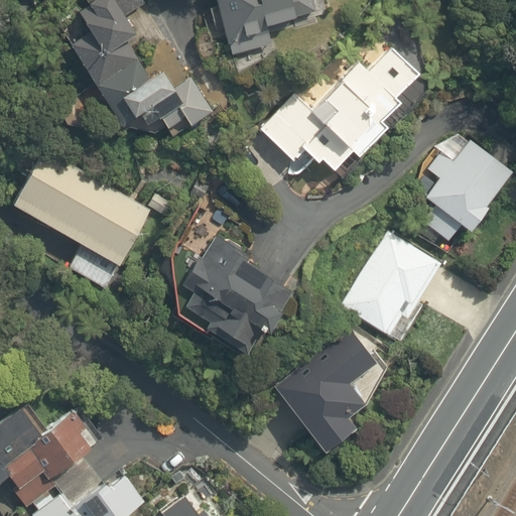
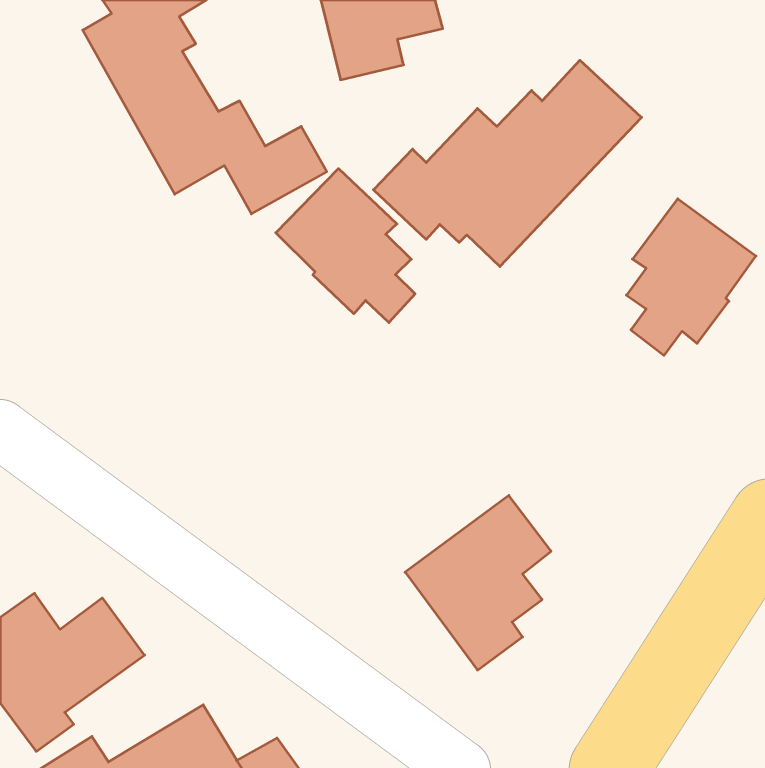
building: none -> [276,169,415,323]
building: [8,148,151,286] -> none
building: [339,227,450,343] -> none
building: [182,237,293,351] -> none

